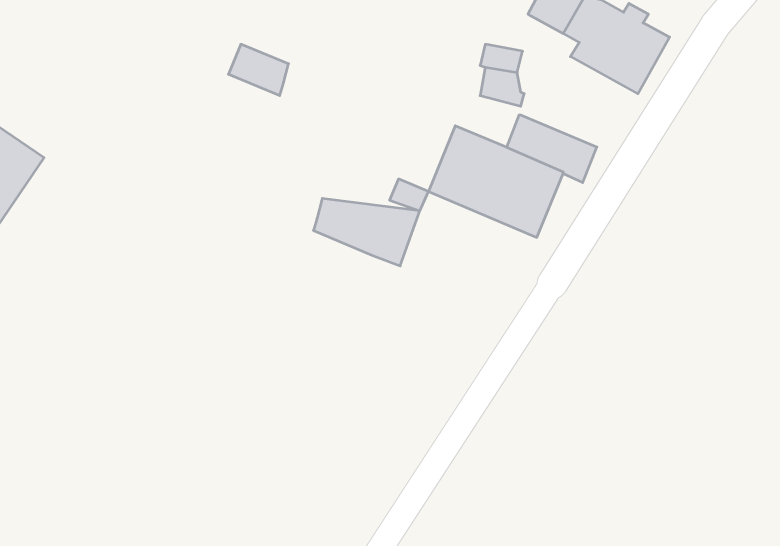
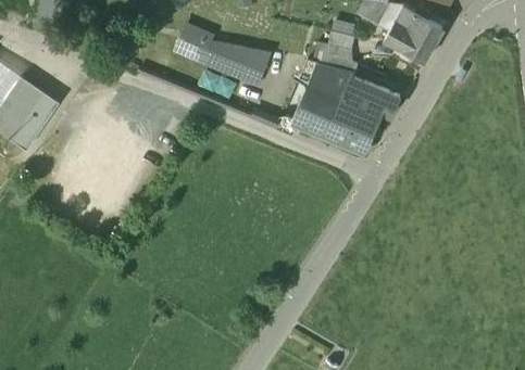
building: none -> [312,63,354,95]
building: [313,198,420,266] -> [204,44,270,86]

